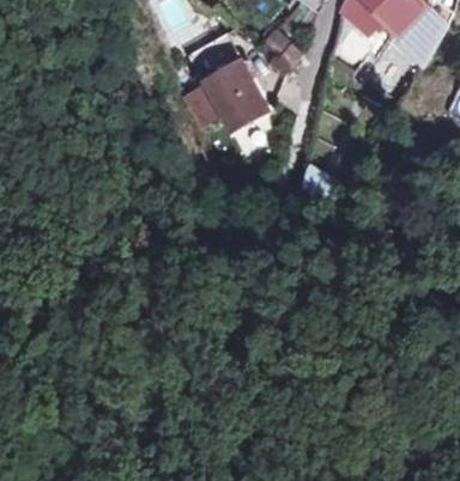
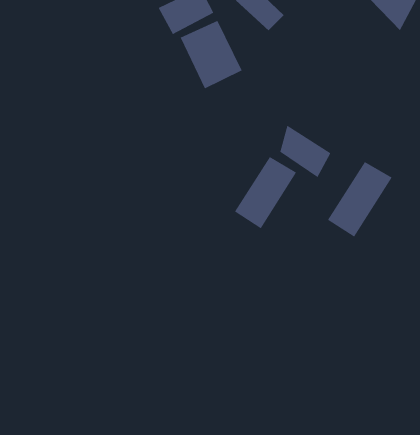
building: none -> [234,156,297,229]
building: none -> [327,161,392,238]

